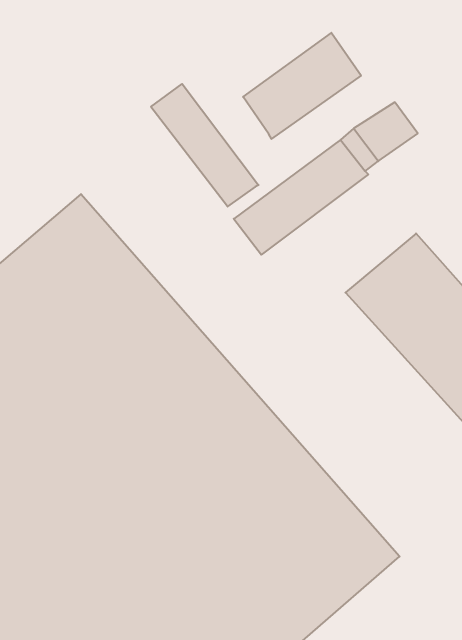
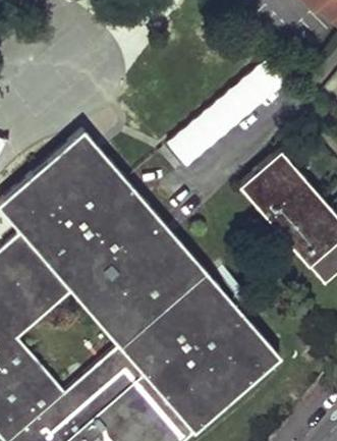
building: [243,33,361,139] -> none
building: [151,84,259,207] -> none

